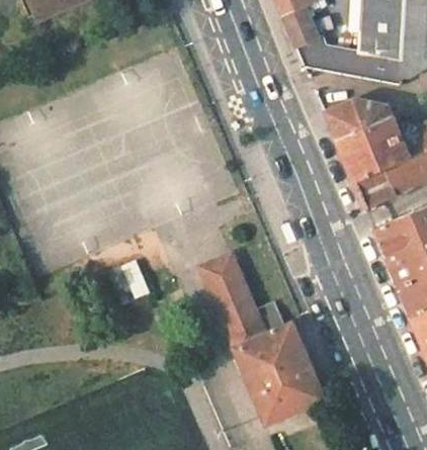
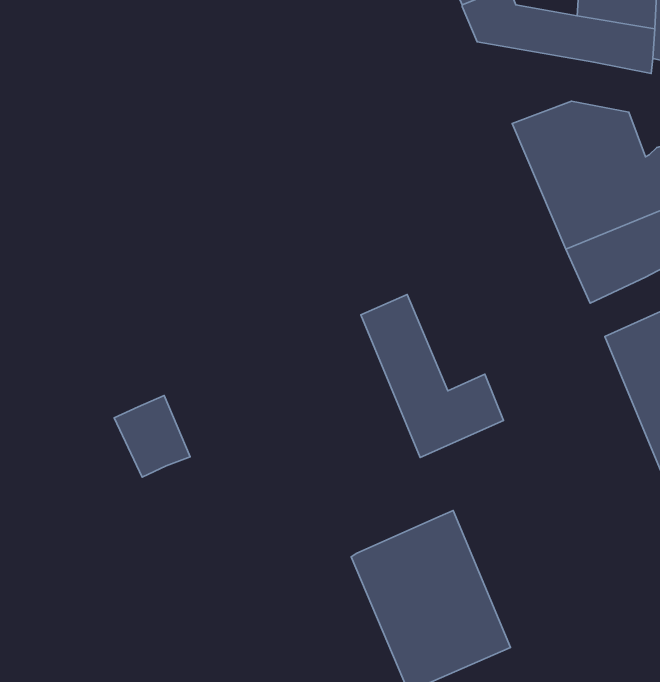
building: [205,257,283,346] -> [361,295,503,458]

